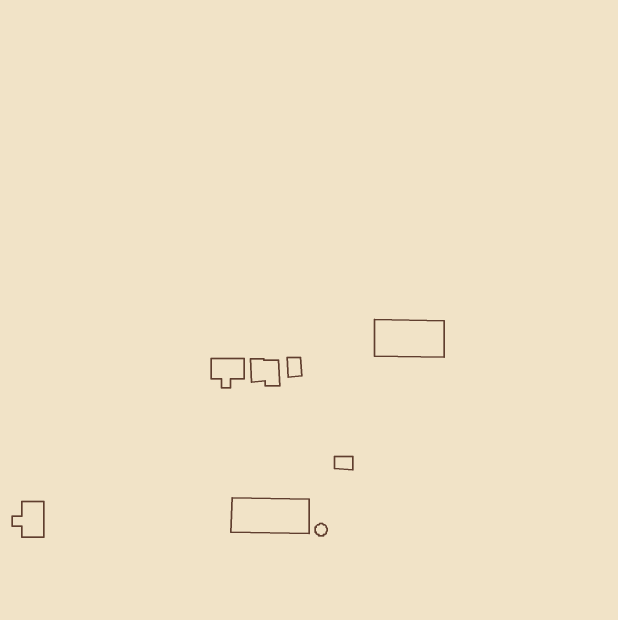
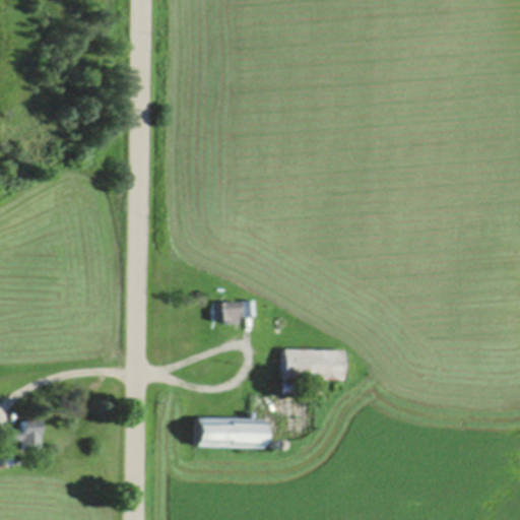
building: [375,319,444,357] -> [284,348,342,380]
building: [211,359,244,388] -> none

